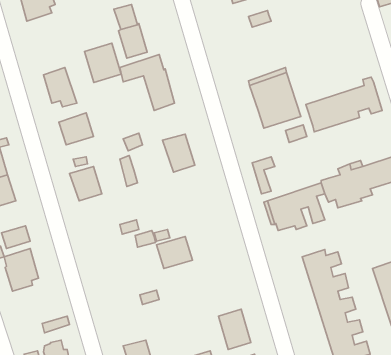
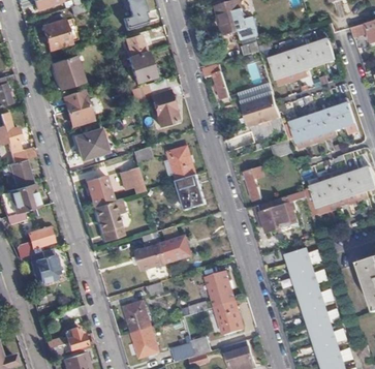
building: none -> [269,38,334,81]
building: none -> [201,63,228,98]
building: [84,43,121,82] -> [51,56,83,90]
building: none -> [175,175,202,210]
building: none -> [93,197,124,241]
building: none -> [133,244,166,272]
building: none -> [205,272,233,306]
building: none -> [124,301,151,332]

